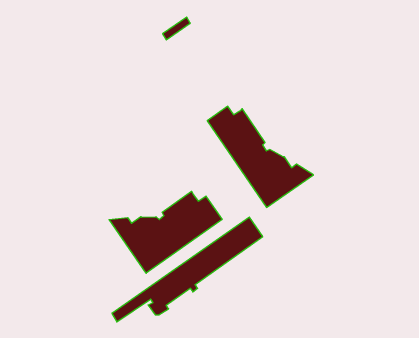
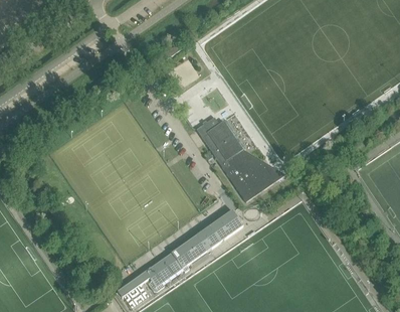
building: [109,191,222,273] -> none

